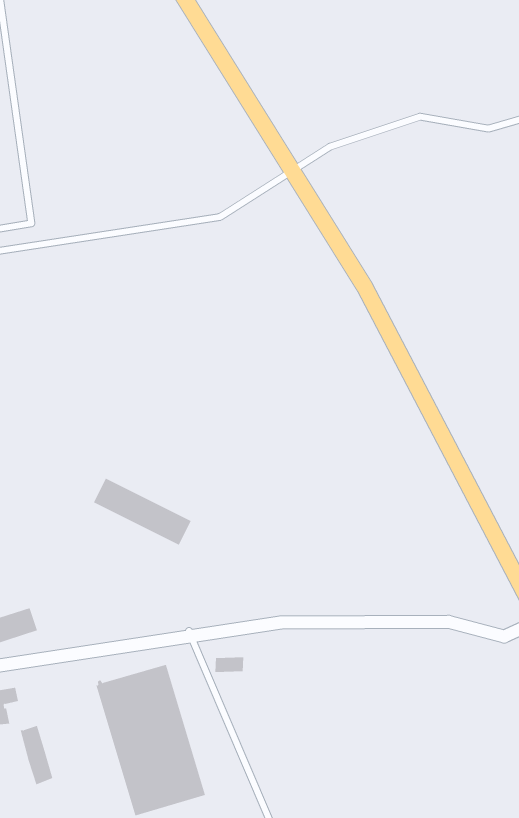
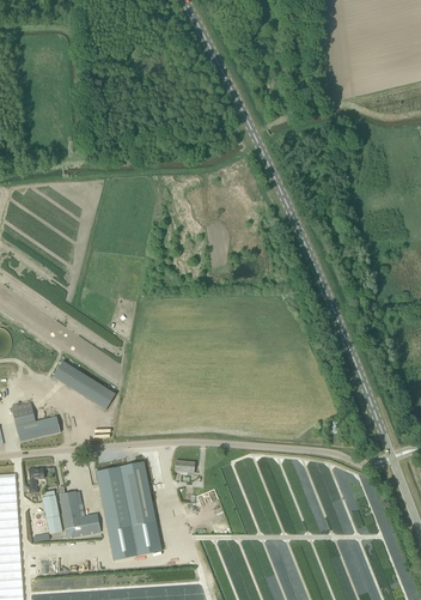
building: [93,478,191,546] -> [51,360,115,410]
building: none -> [57,491,99,537]

